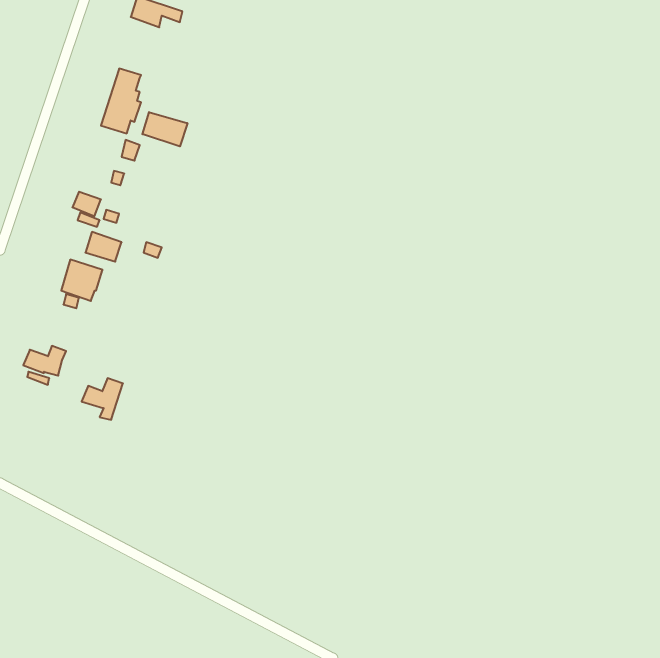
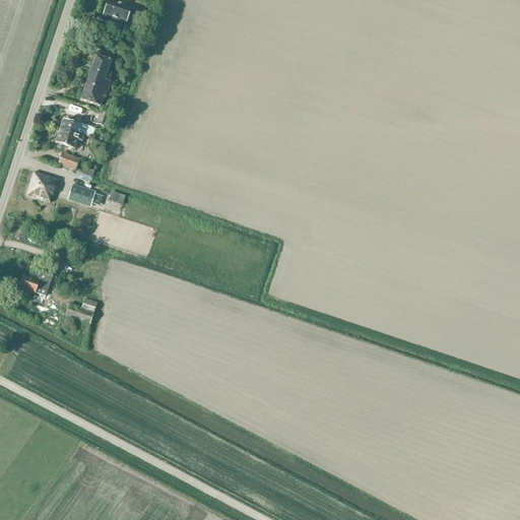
building: [142,112,187,146] -> none
building: none -> [56,119,87,147]
building: [61,260,103,301] -> [26,170,59,202]

